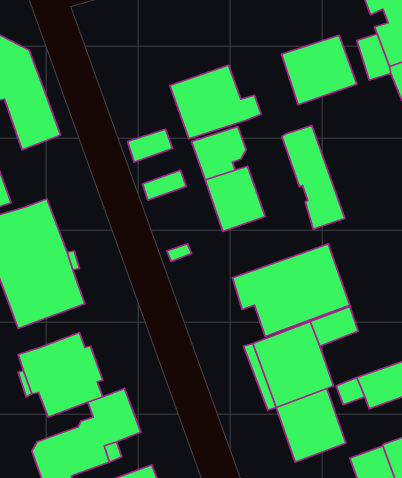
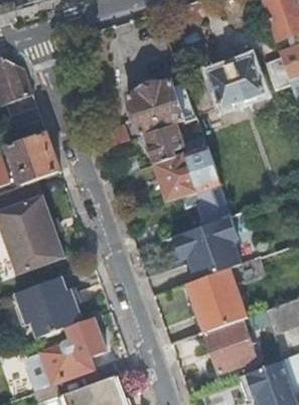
building: [282,126,345,229] -> [184,146,231,223]
building: none -> [6,131,60,184]

